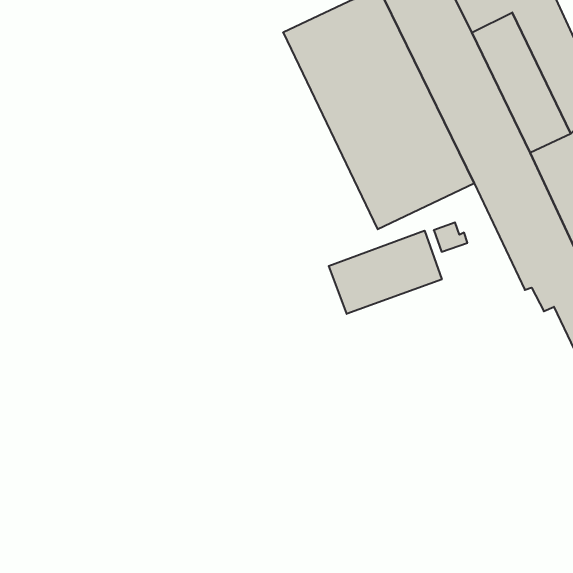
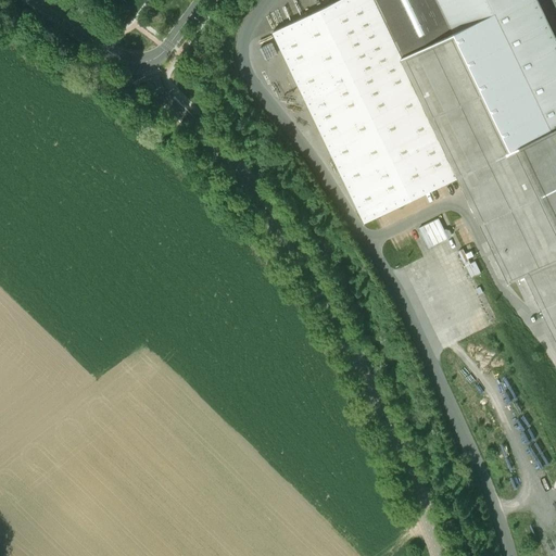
building: [329,231,442,314] -> none

